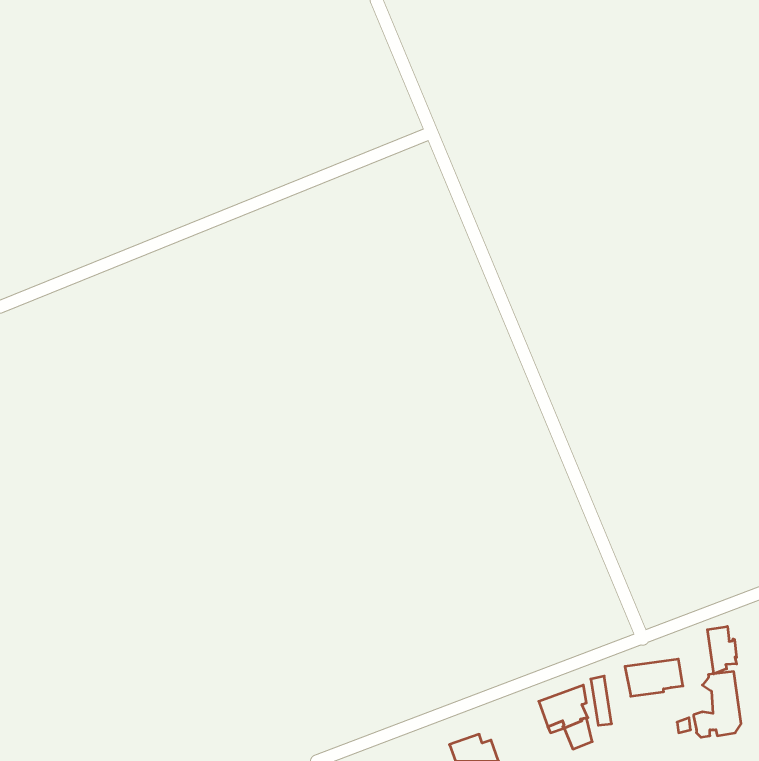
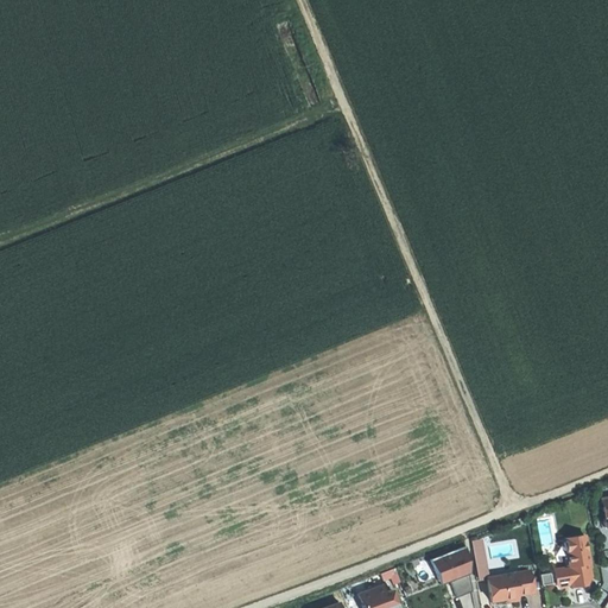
building: [707,626,737,674] -> none
building: [625,659,683,696] -> [488,571,534,601]

